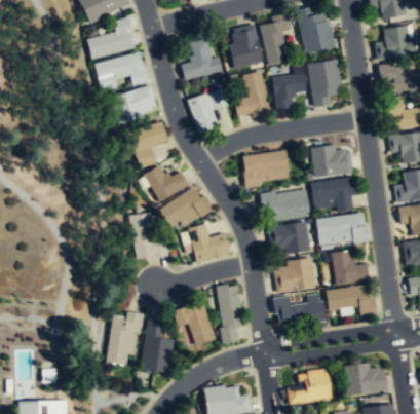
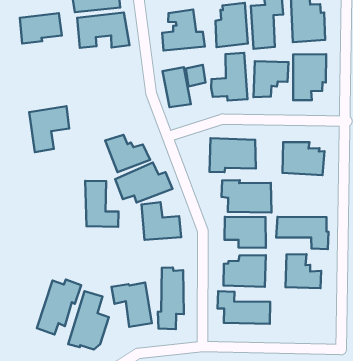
building: [114,86,156,120] -> [20,13,62,43]
building: [127,121,167,170] -> [29,106,69,152]
building: [310,178,355,213] -> none
building: [326,286,376,316] -> none

